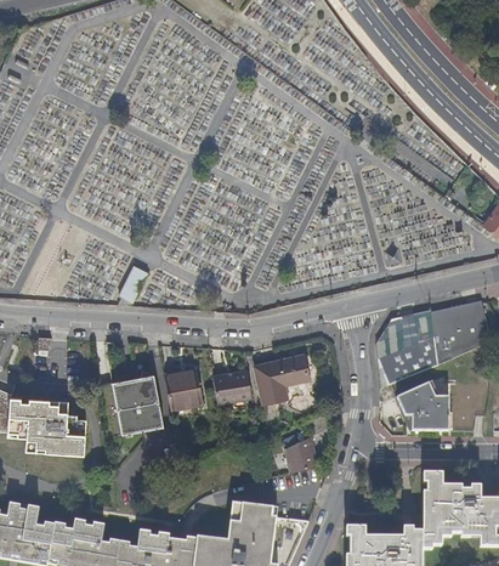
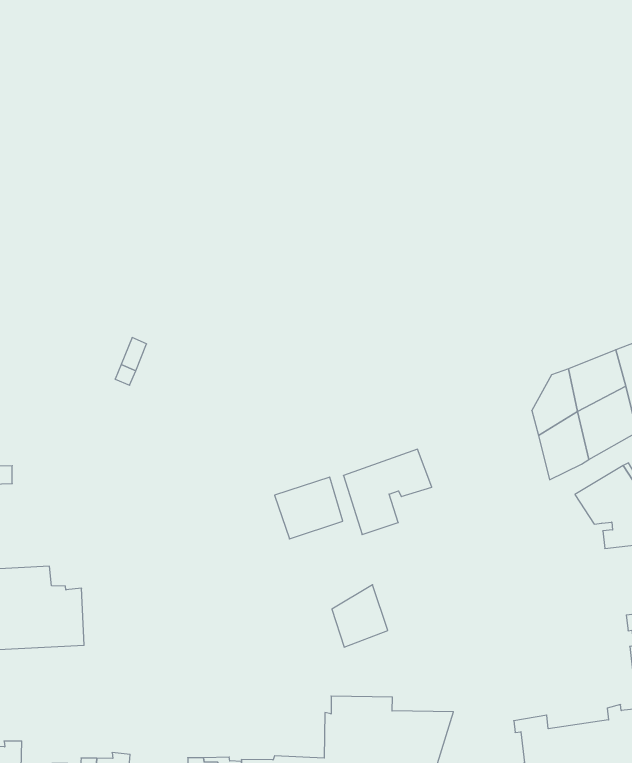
building: [166,369,205,409] -> none
building: [113,374,165,434] -> none
building: [284,435,317,471] -> [332,585,388,647]

